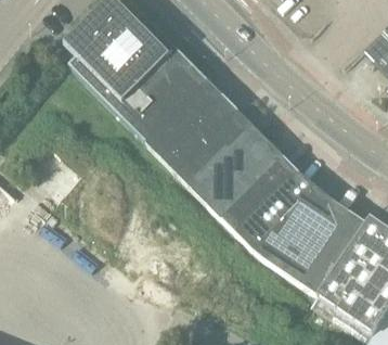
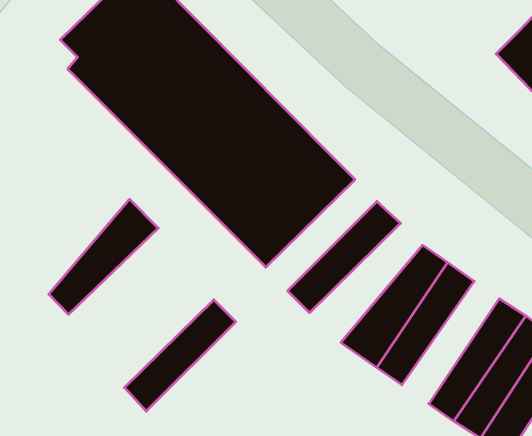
building: [204,138,281,215] -> [124,300,236,411]
building: none -> [49,199,158,314]
building: [234,168,312,251] -> none
building: [298,208,365,293] -> none

